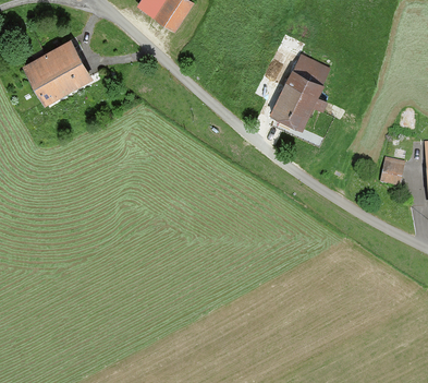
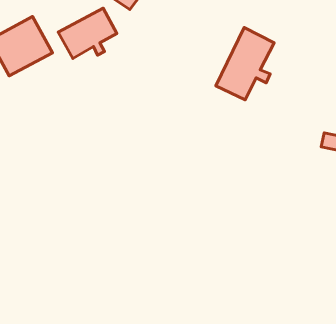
building: none -> [58,8,117,58]

